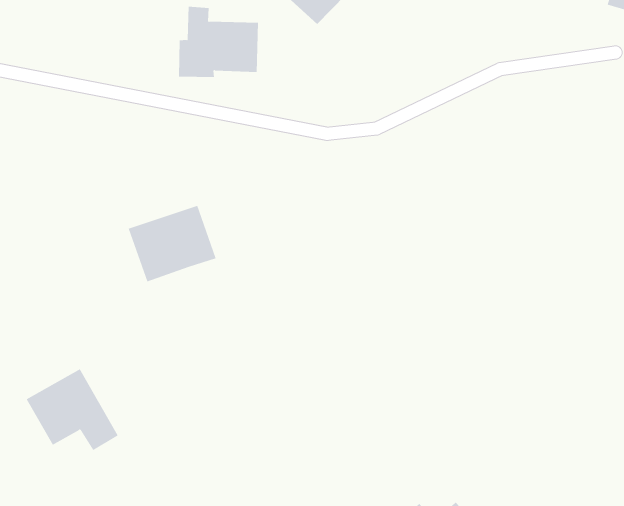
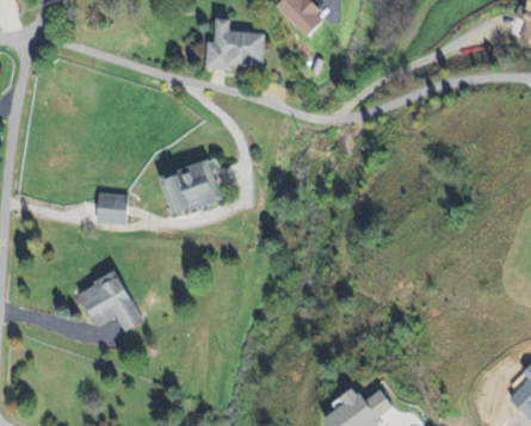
building: none -> [98,193,129,223]

